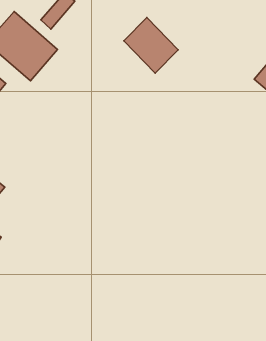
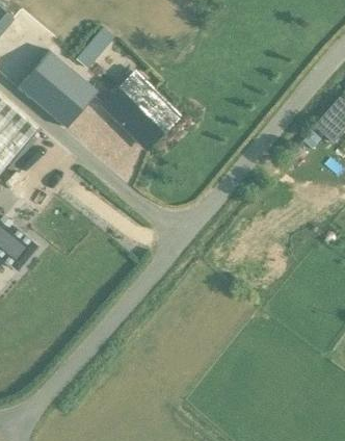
building: [124,18,178,73] -> [110,76,171,138]

